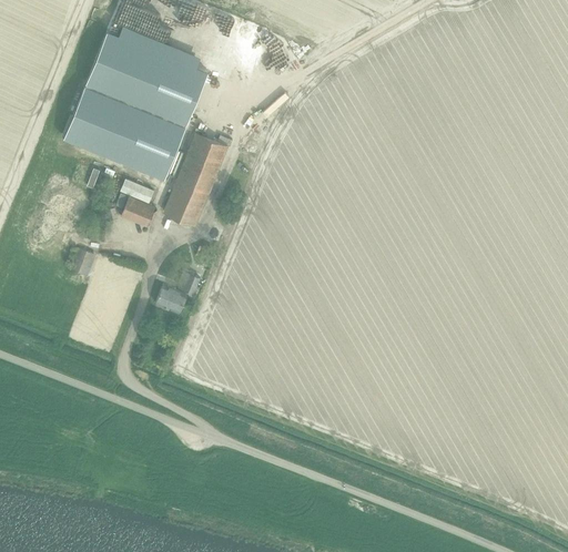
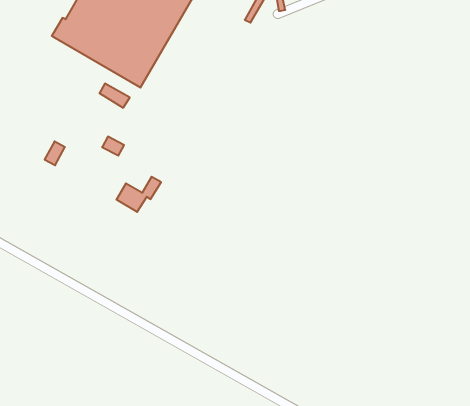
building: [164,134,227,226] -> none
building: [121,198,155,228] -> none

